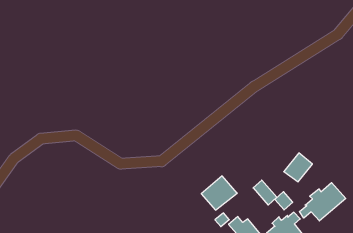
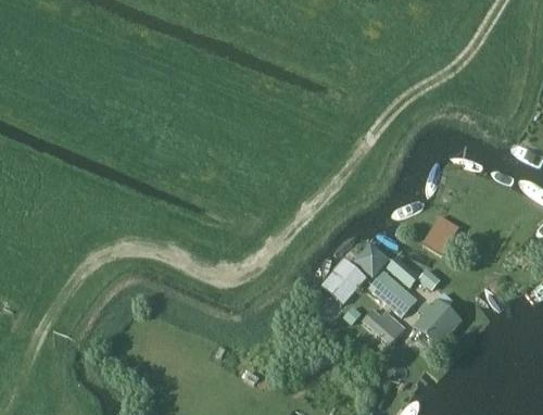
building: none -> [353,242,389,277]
building: [299,183,346,221] -> none
building: none -> [368,271,417,317]

